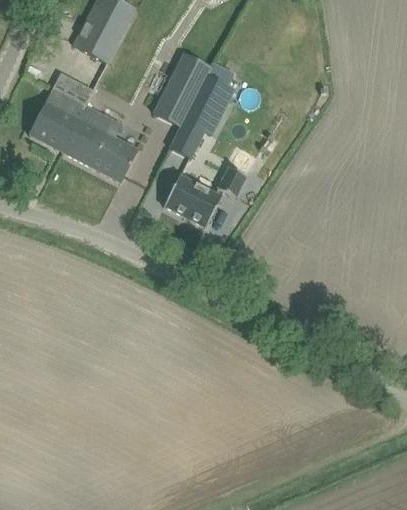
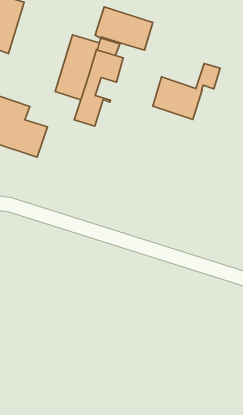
building: none -> [95,7,153,50]
building: [164,167,246,227] -> [153,64,220,119]

